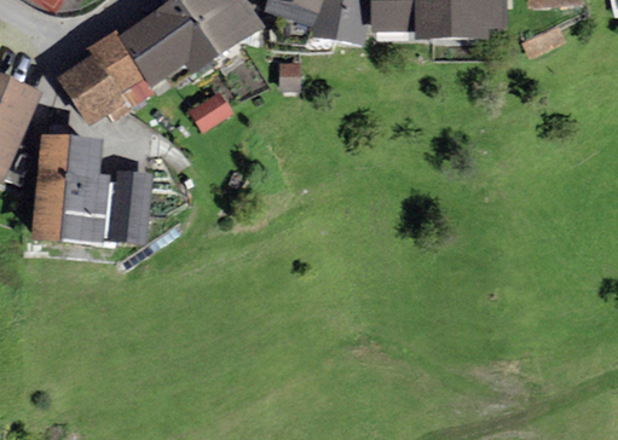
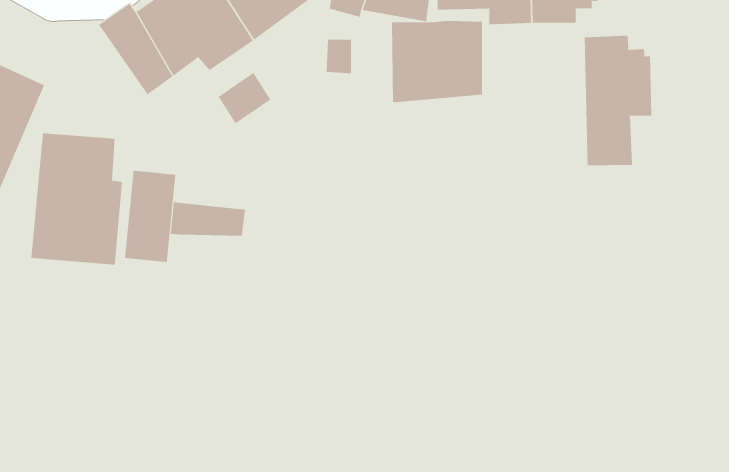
building: none -> [392,20,483,103]
building: [54,52,129,126] -> none
building: none -> [584,35,652,166]
building: none -> [170,202,246,237]

